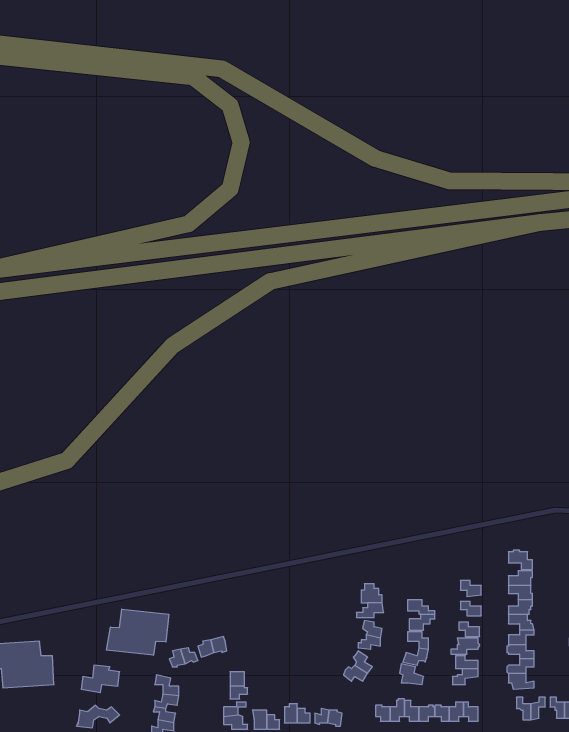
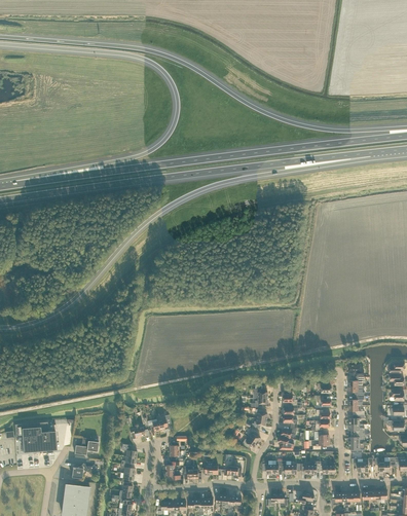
building: [106,609,169,655] -> none

